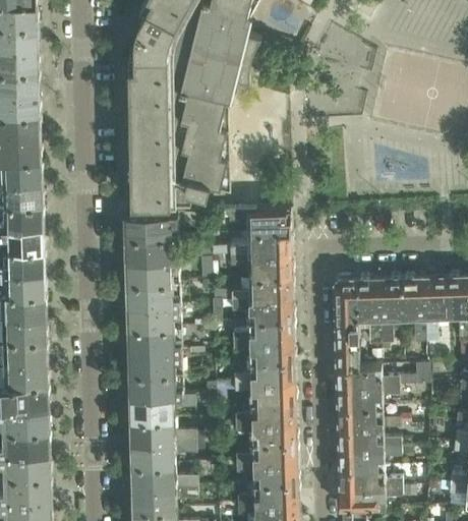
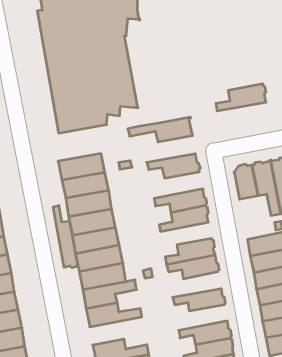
building: [124,213,177,237] -> none
building: [230,232,292,255] -> [216,84,266,111]
building: [213,277,293,301] -> none
building: none -> [53,205,78,268]
building: [334,316,358,367] -> none
building: [233,339,295,360] -> none
building: [235,400,296,422] -> none
building: [130,440,194,464] -> none
building: [236,441,297,463] -> none

